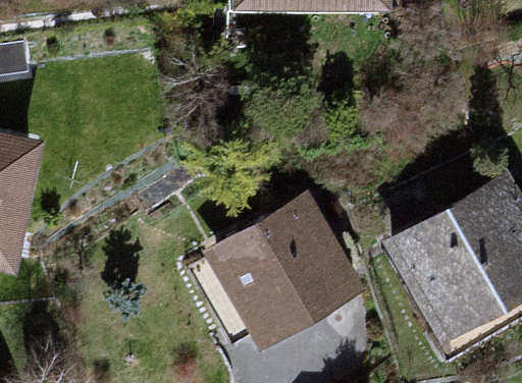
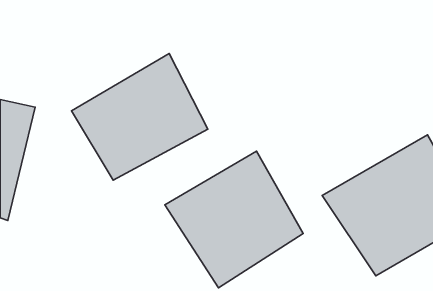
building: none -> [71,54,208,180]

